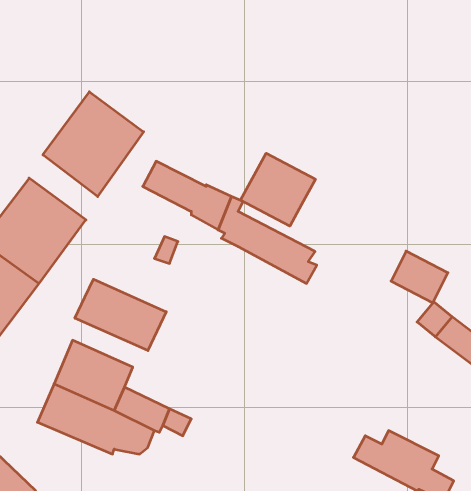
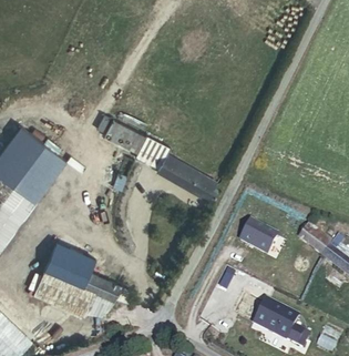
building: [43,92,144,197] -> none
building: [241,153,315,226] -> none
building: [391,251,448,303] -> [238,222,276,256]
building: [75,279,166,351] -> none

